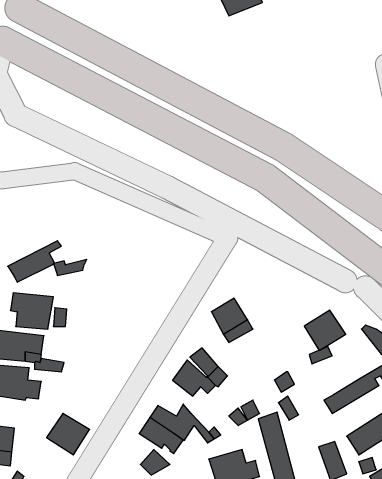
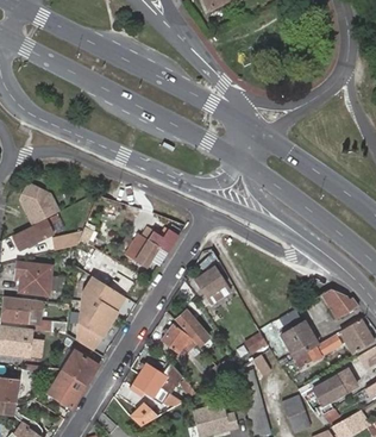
building: none -> [20,185,59,225]
building: none -> [134,229,177,267]
building: none -> [75,275,124,348]
building: [304,310,346,350] -> [288,317,325,352]
building: none -> [61,350,96,383]

